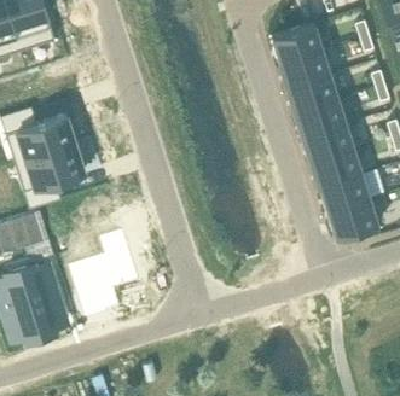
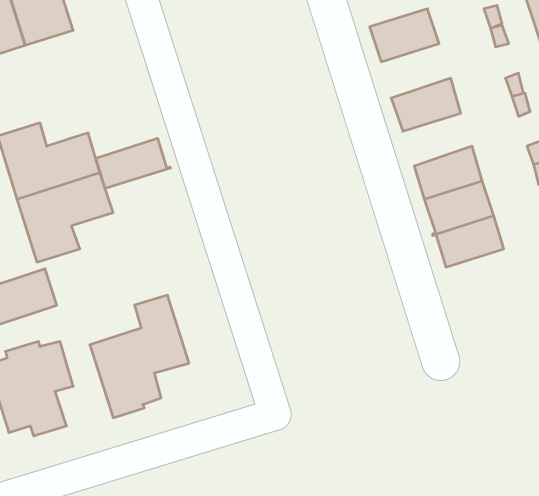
building: [280,48,331,88] -> none
building: [296,99,347,138] -> none
building: none -> [96,138,171,189]
building: [327,198,378,240] -> none

